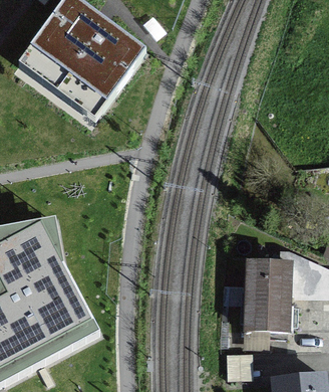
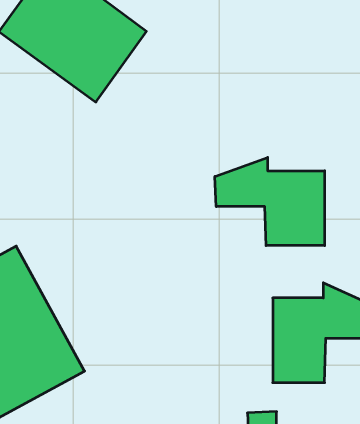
building: none -> [215,157,325,246]

